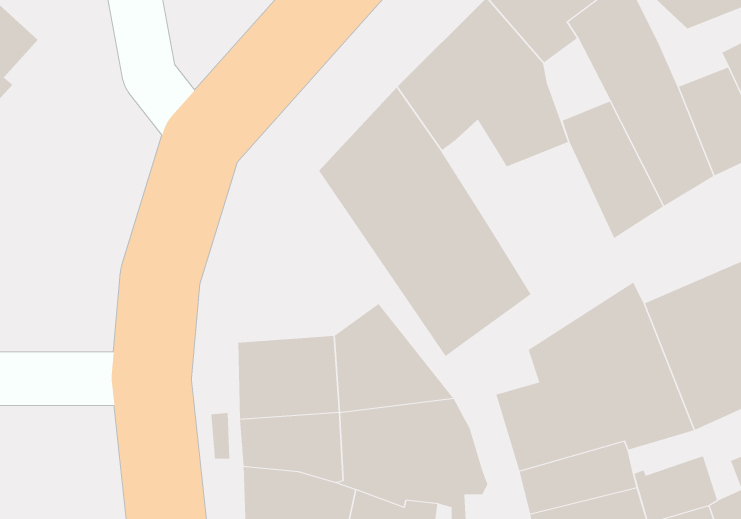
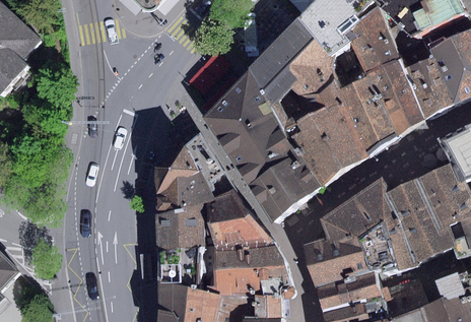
building: none -> [271,100,368,187]
building: none -> [155,133,236,214]

